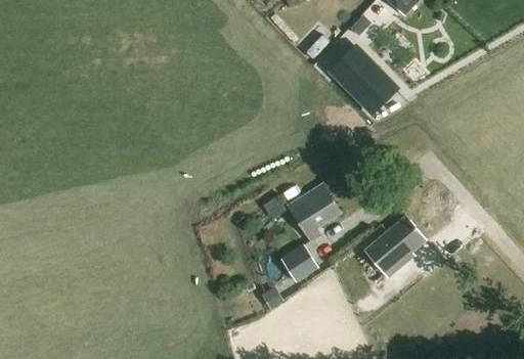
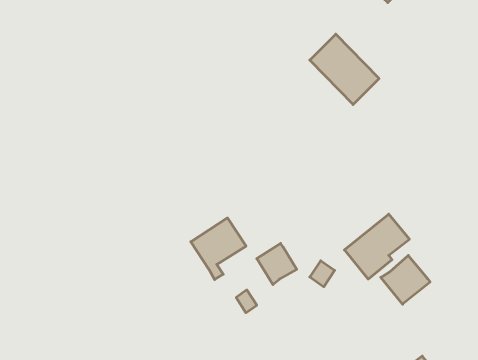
building: [288,184,340,242] -> [191,218,246,280]
building: none -> [381,255,430,304]

